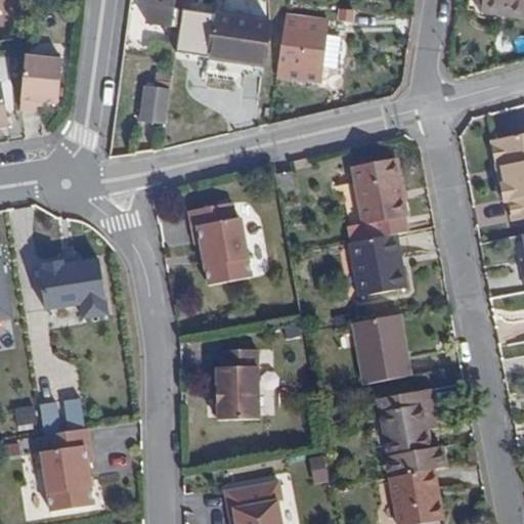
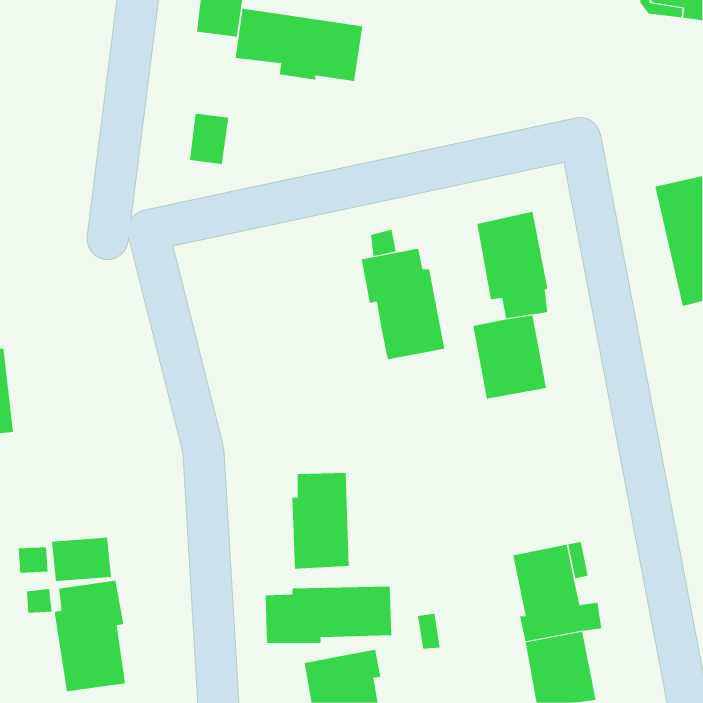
building: [286,14,338,81] -> none
building: [15,58,57,115] -> none
building: [189,204,252,287] -> [361,248,445,360]
building: [40,255,108,317] -> none
building: [353,313,409,384] -> none
building: none -> [265,586,392,644]

